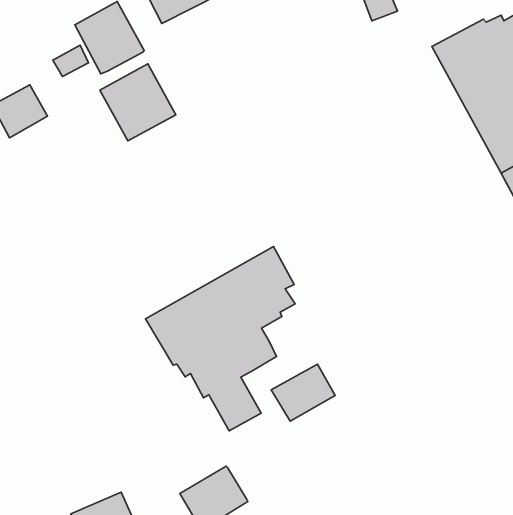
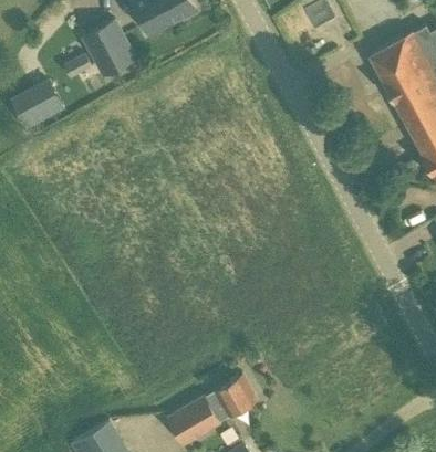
building: [100,64,176,141] -> none
building: [146,247,295,431] -> none
building: [271,364,335,421] -> [203,376,255,422]

